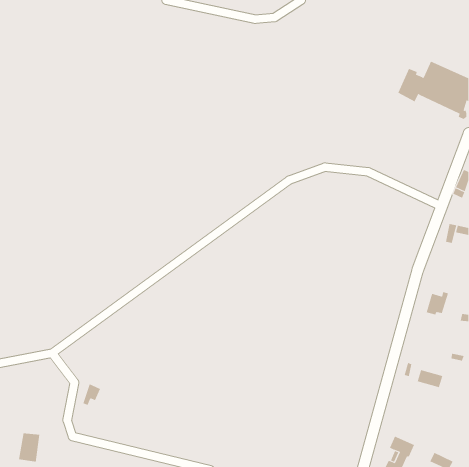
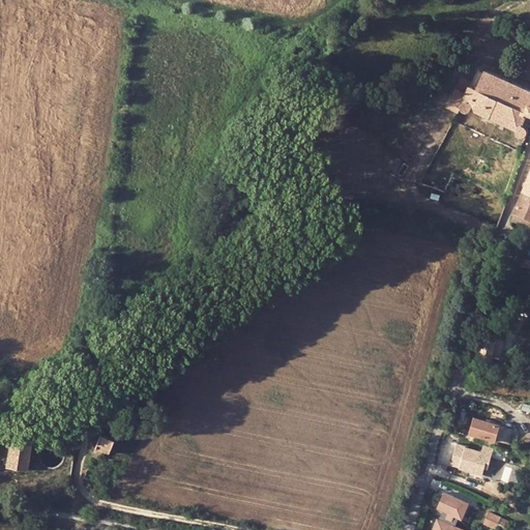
building: none -> [461,446,494,475]
building: [18,433,40,462] -> [6,438,31,471]

